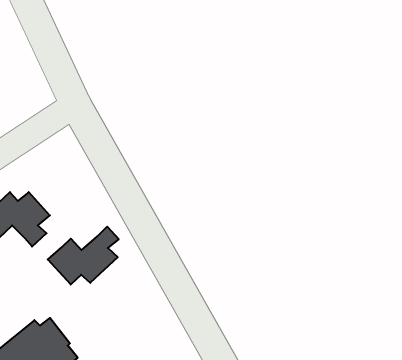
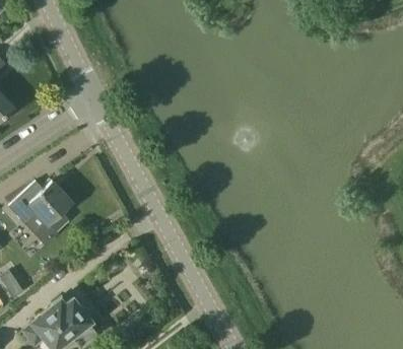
building: [48,227,119,285] -> none

